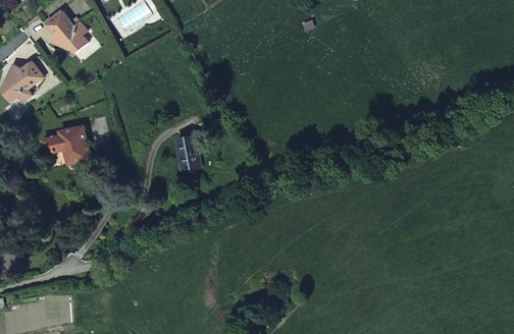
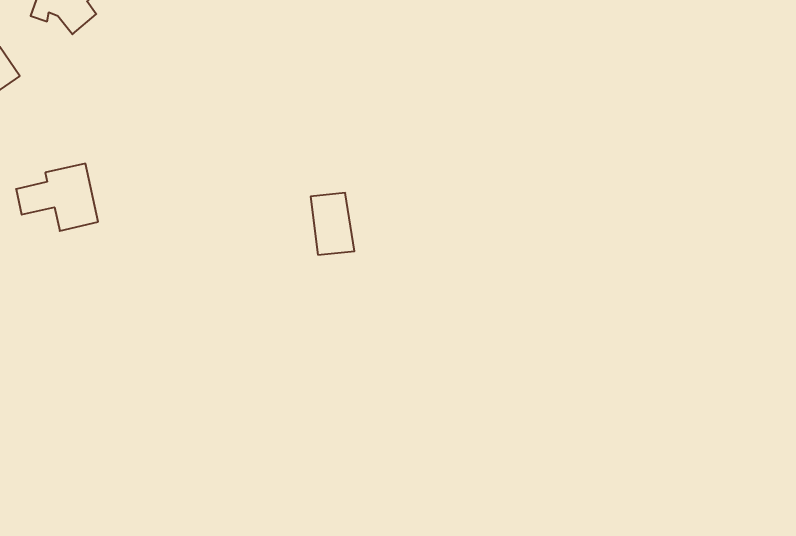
building: [172,132,197,167] -> [311,193,354,255]

